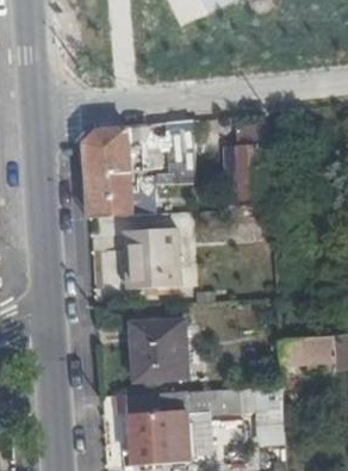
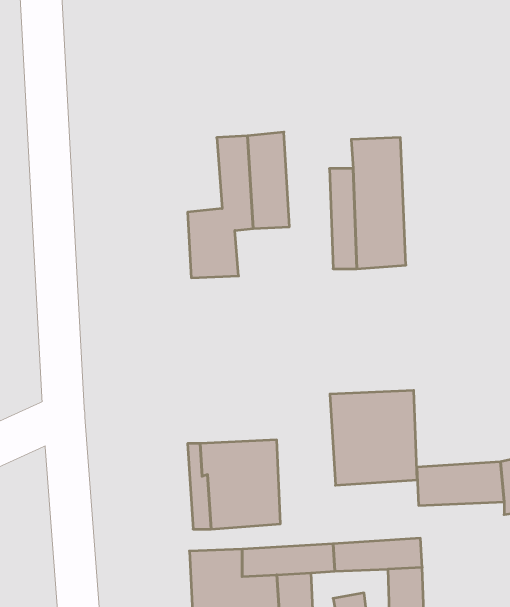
building: [82,124,150,218] -> none
building: [123,228,180,290] -> [330,390,417,485]

